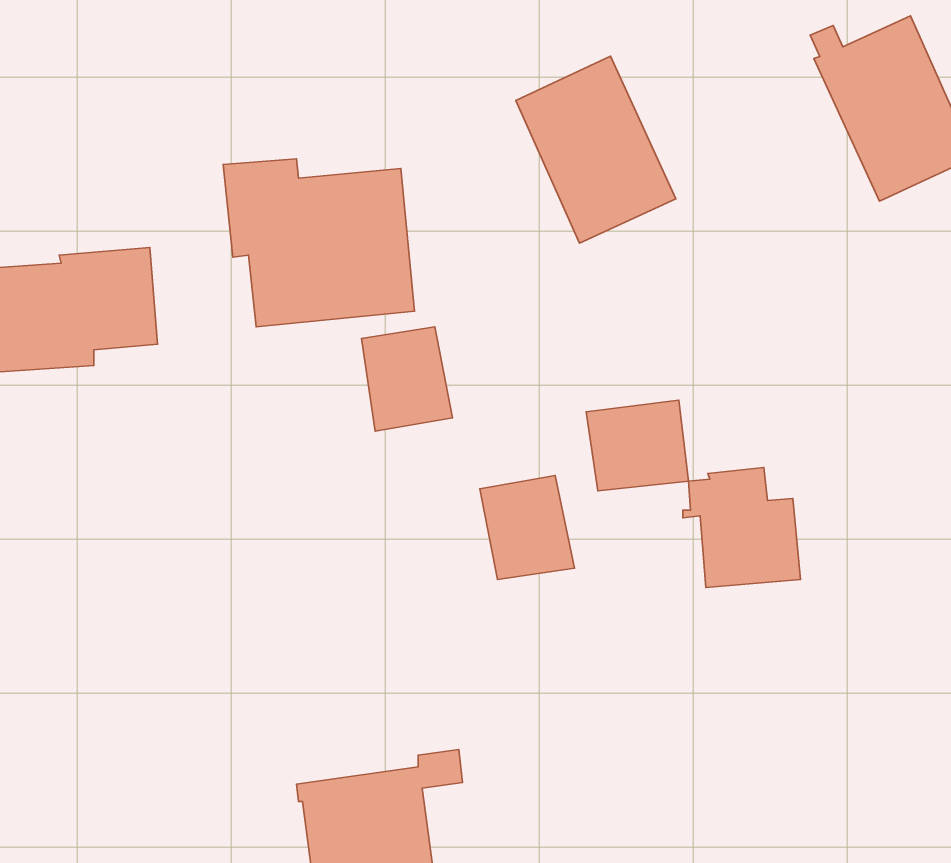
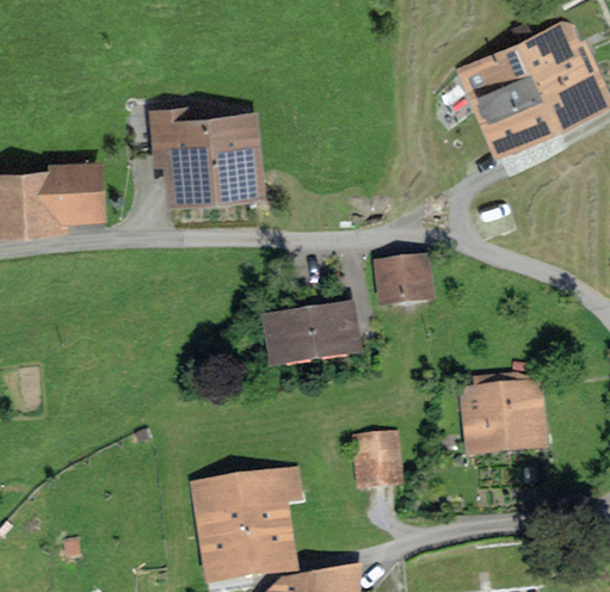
building: [516,56,676,243] -> [455,42,554,158]
building: [362,327,452,431] -> [261,308,318,372]
building: [683,468,800,587] -> [462,374,535,448]
building: none -> [356,436,399,483]

